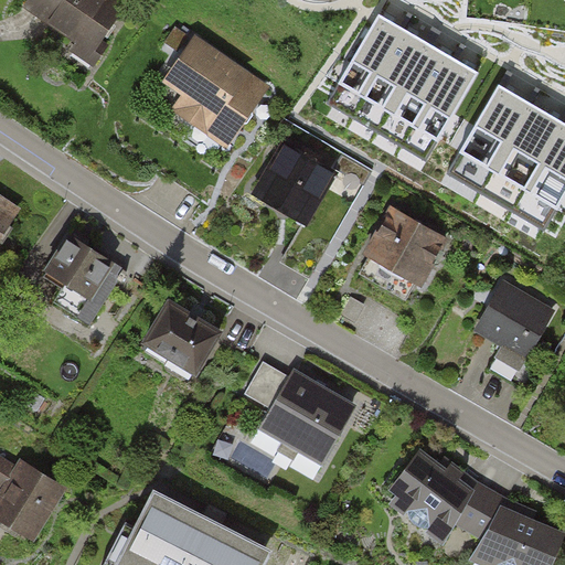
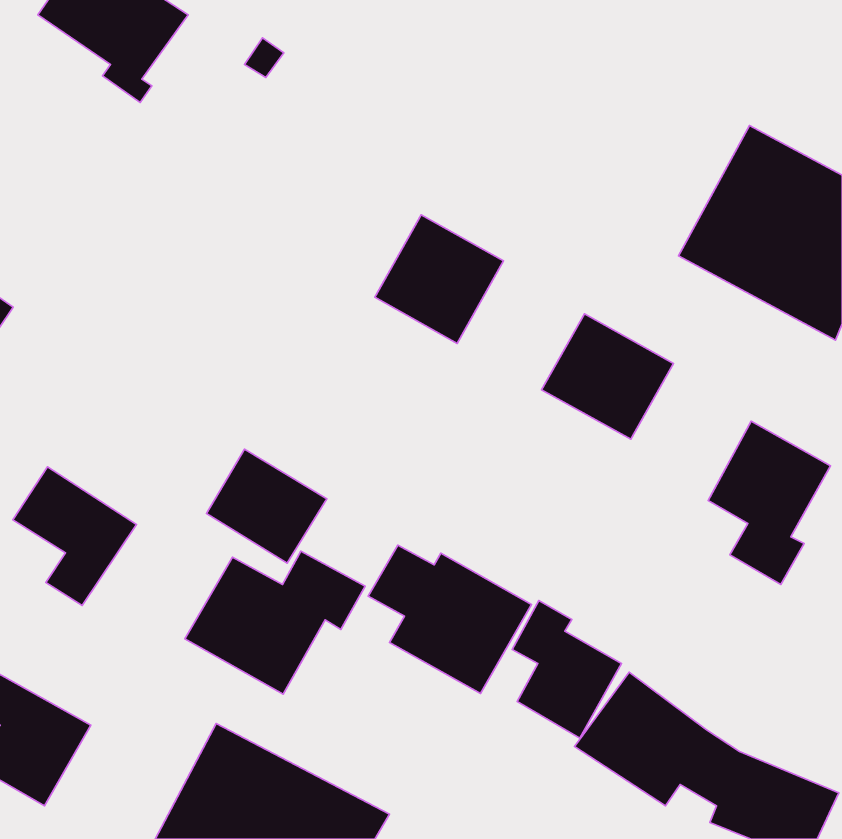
building: [328,17,479,160] -> none
building: [161,35,269,148] -> none
building: [40,233,122,326] -> [13,467,137,606]
building: none -> [185,551,365,694]
building: none -> [512,601,622,738]

